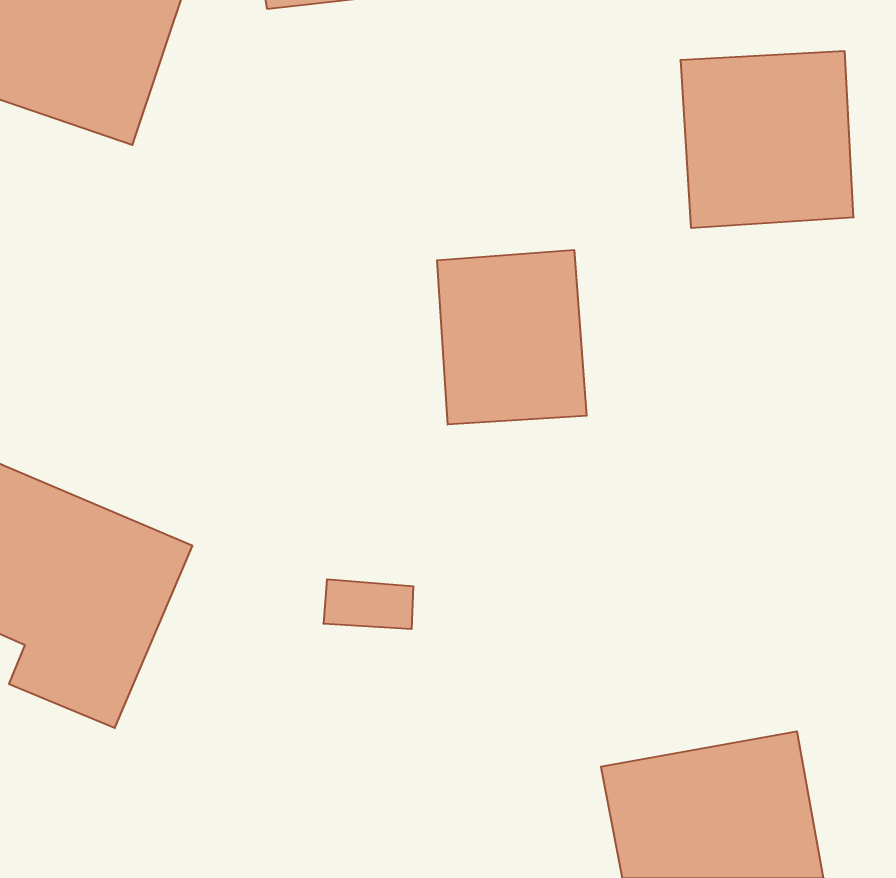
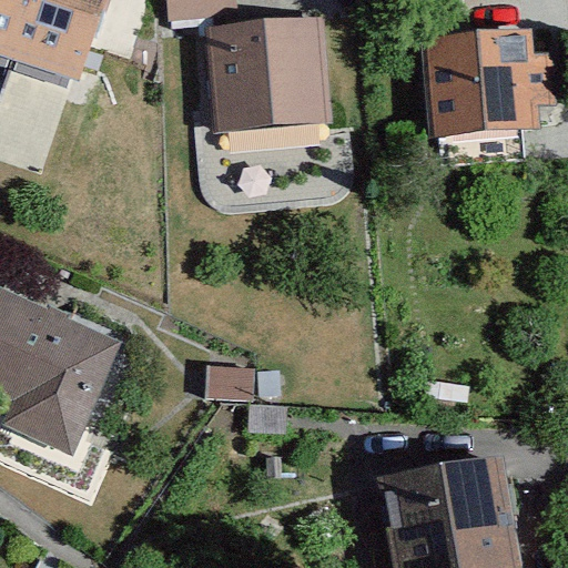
building: none -> [203,4,328,118]
building: [437,250,587,425] -> none

